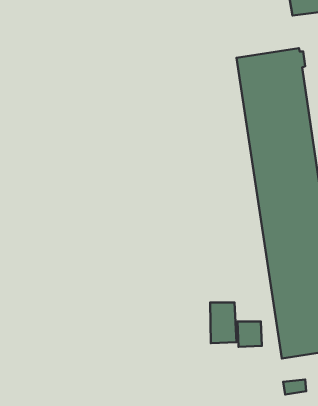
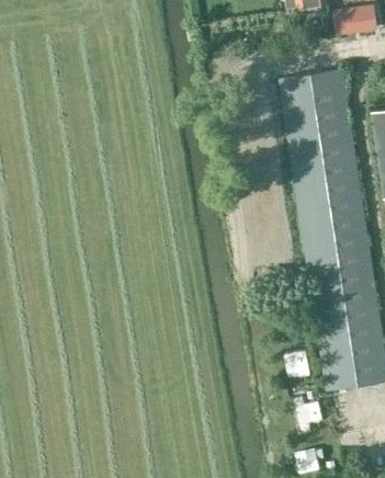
building: [210,302,236,343] -> none

